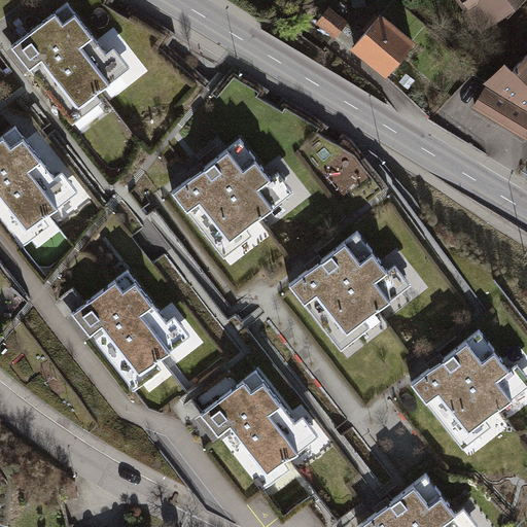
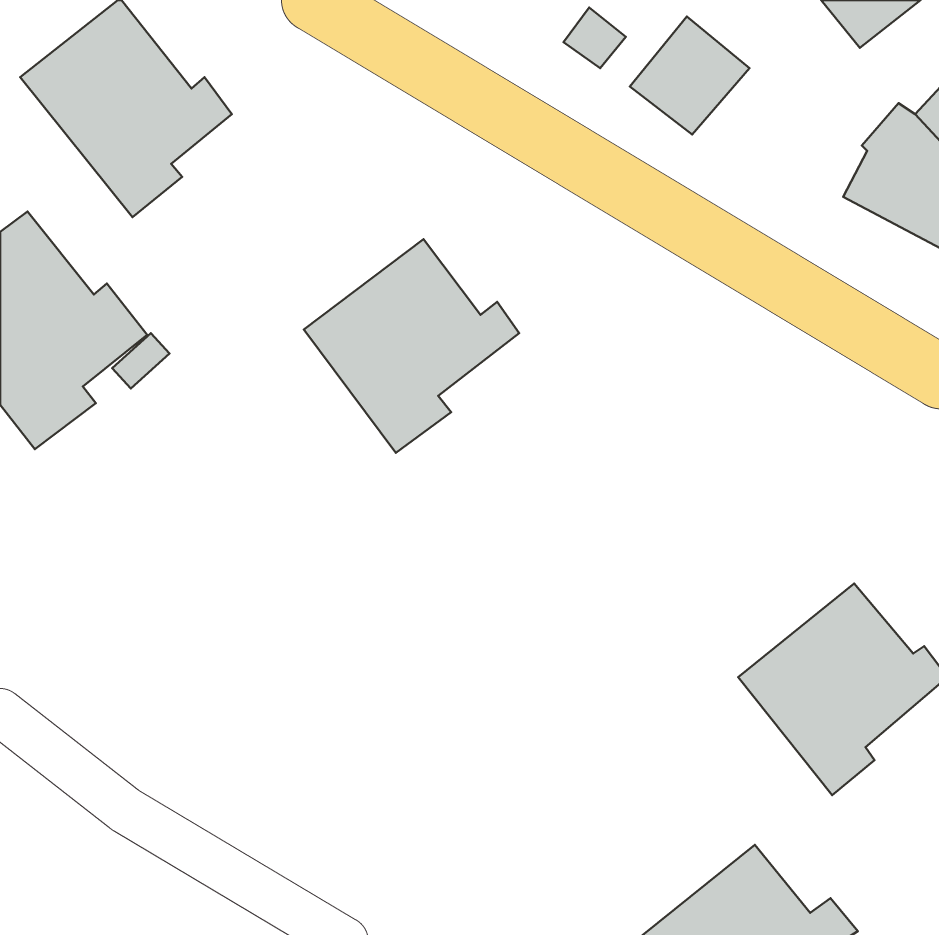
building: [292,232,412,348] -> none
building: [68,269,190,392] -> none
building: [200,368,316,491] -> none

